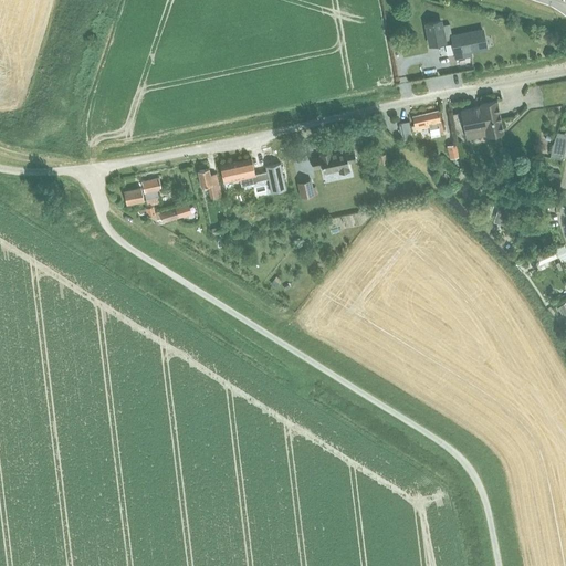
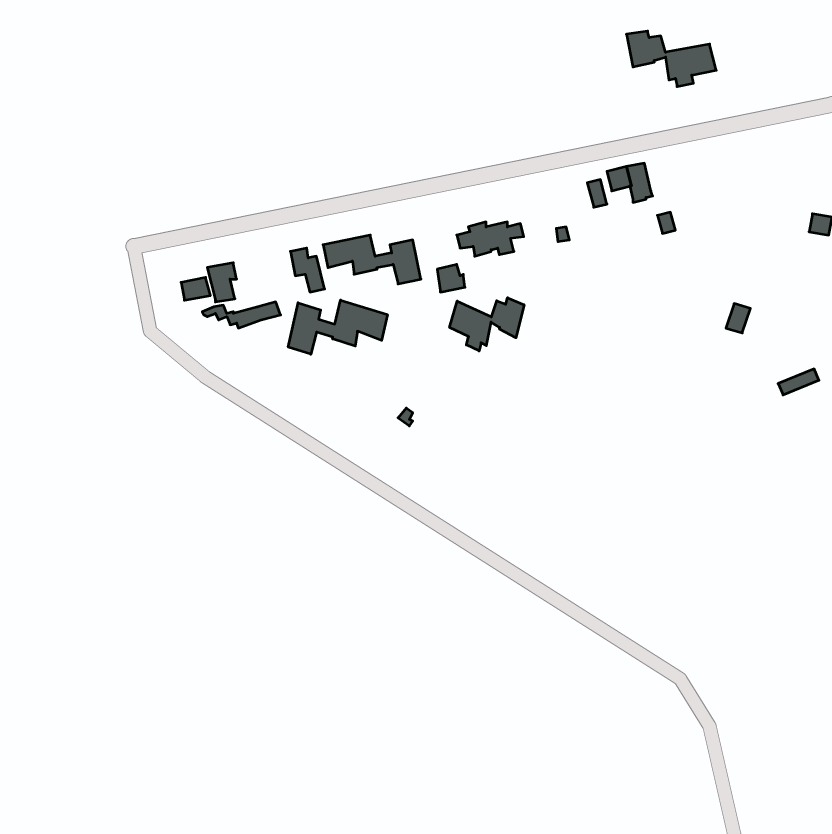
building: [459,101,502,136] -> none
building: none -> [450,298,524,351]
building: none -> [288,300,387,354]

